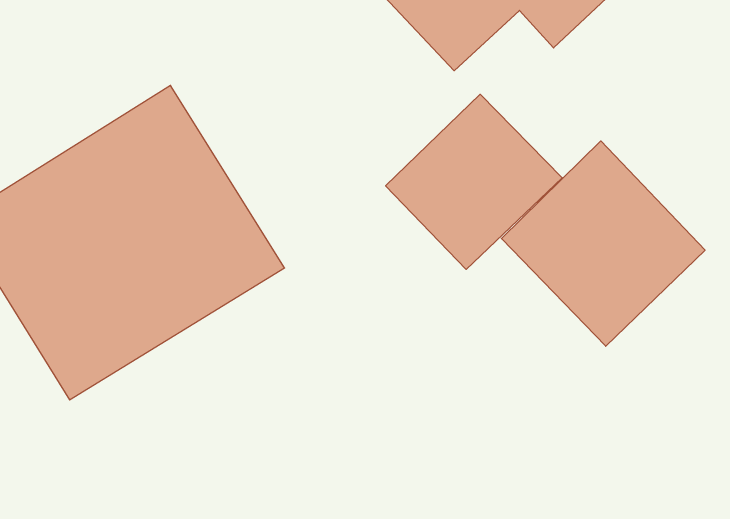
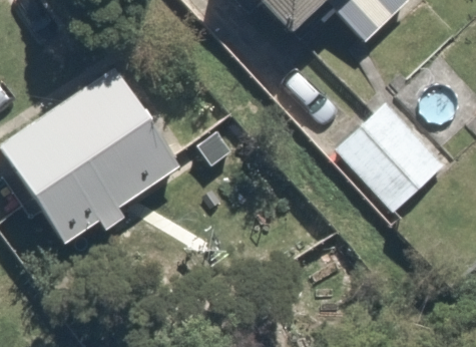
building: [386,94,562,269] -> none

